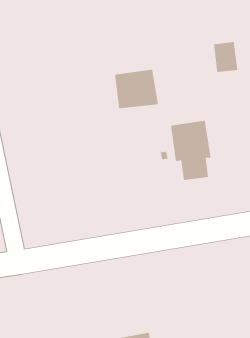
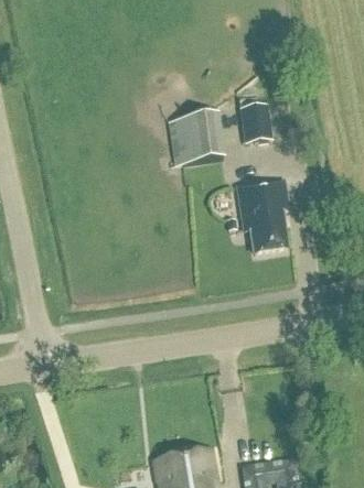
building: [213,42,238,73] -> [238,102,270,142]

